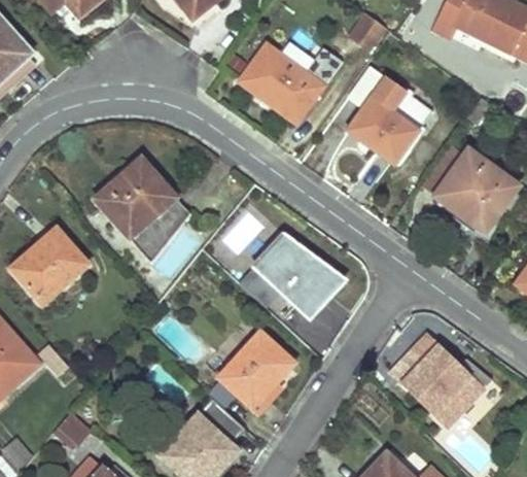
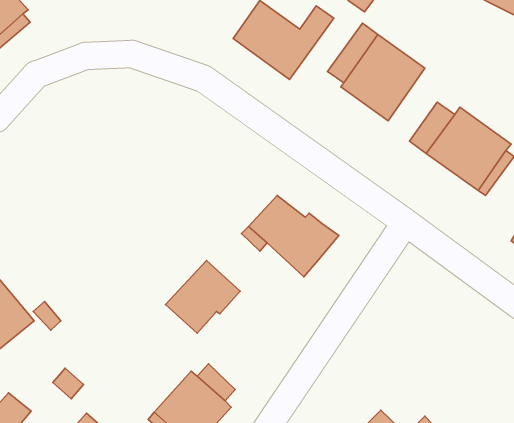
building: [97,164,189,261] -> none
building: [11,229,89,305] -> none
building: [219,331,294,404] -> [165,260,240,333]
building: [400,335,483,419] -> none

